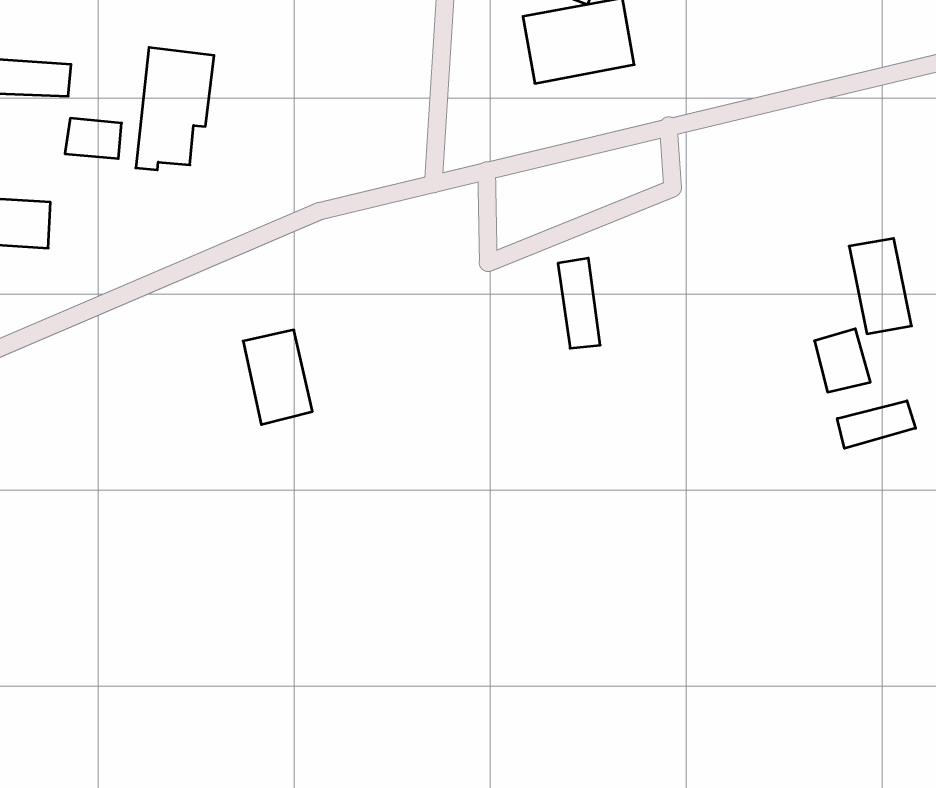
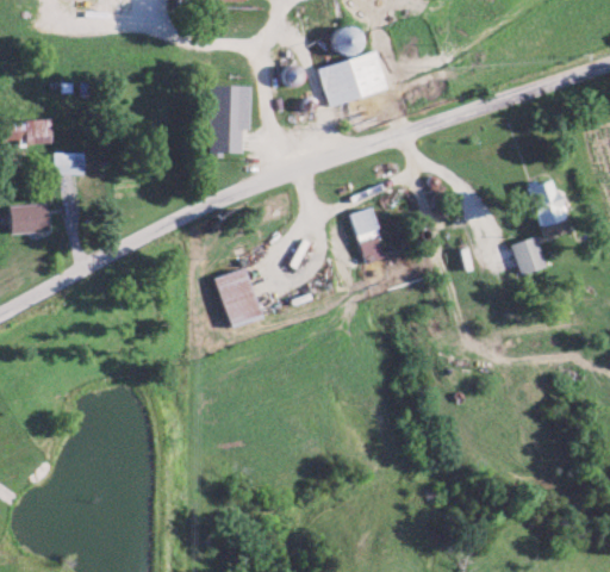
building: [136,47,214,170] -> [211,85,251,157]
building: [243,330,312,425] -> [216,268,261,327]
building: [837,401,916,448] -> none

